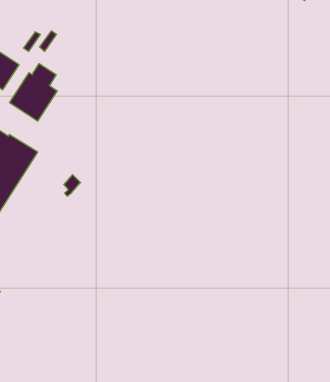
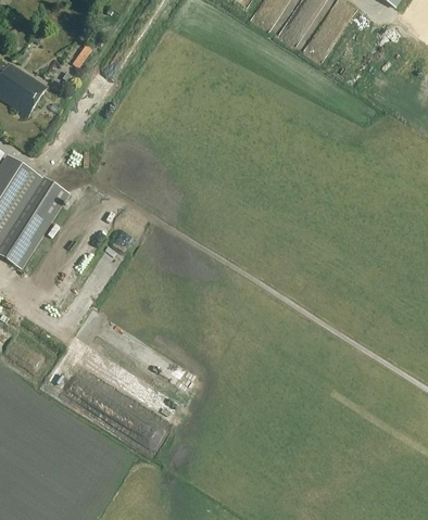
building: [10,64,57,121] -> none

